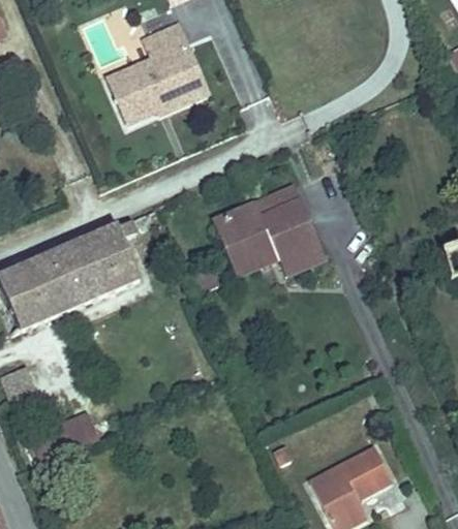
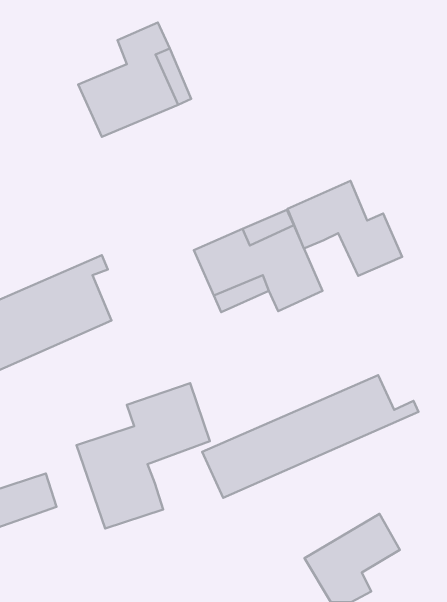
building: none -> [287,181,402,276]
building: none -> [202,375,419,498]
building: none -> [76,383,210,528]

